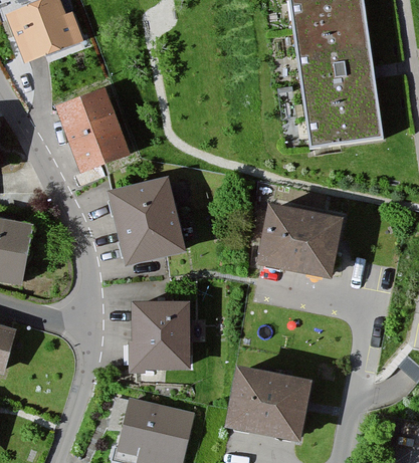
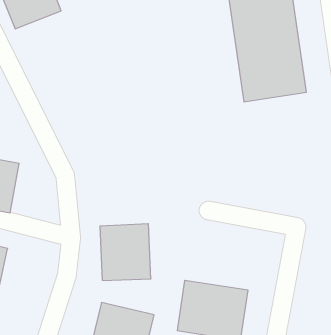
building: [54,88,129,174] -> none
building: [106,175,186,264] -> none
building: [256,204,343,277] -> none

